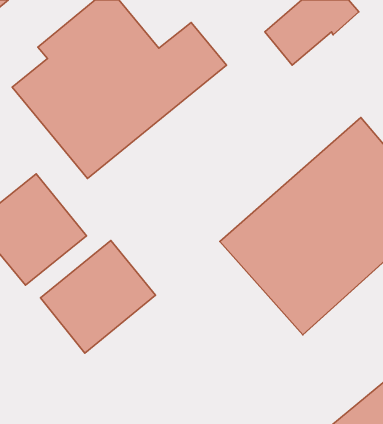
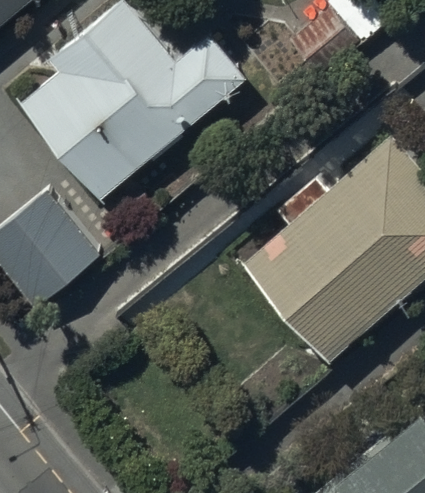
building: [41,240,155,353] -> none

